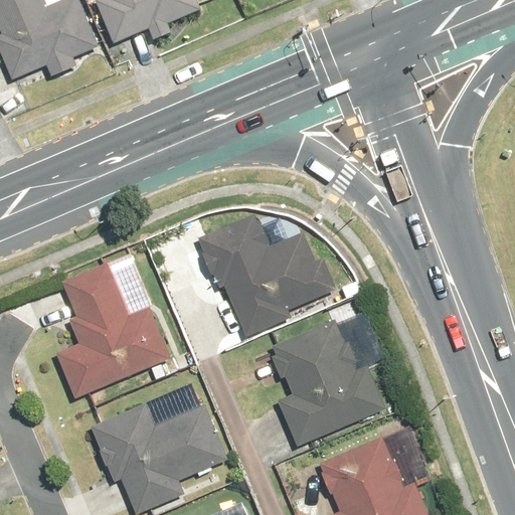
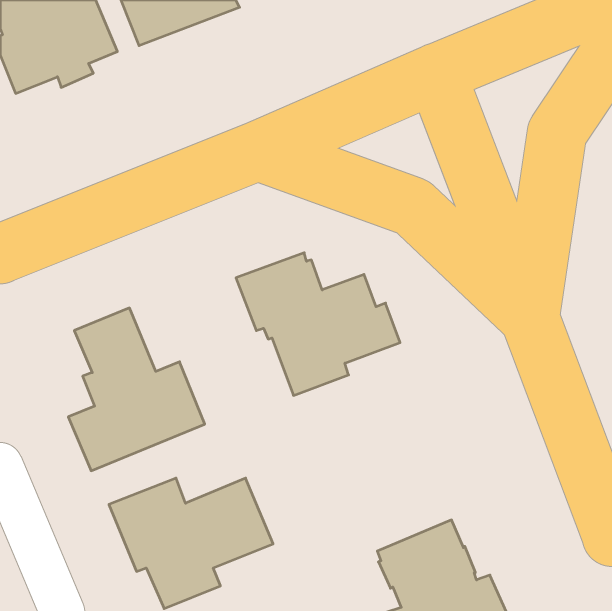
building: [269,321,383,447] -> none

